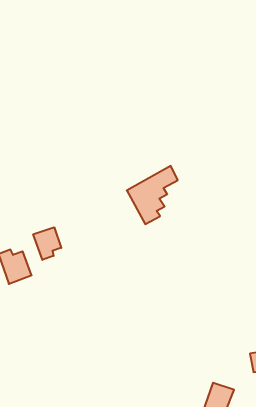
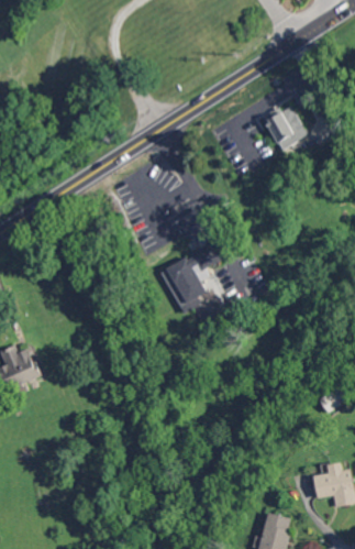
building: none -> [265,106,307,150]
building: [33,227,61,260] -> none

